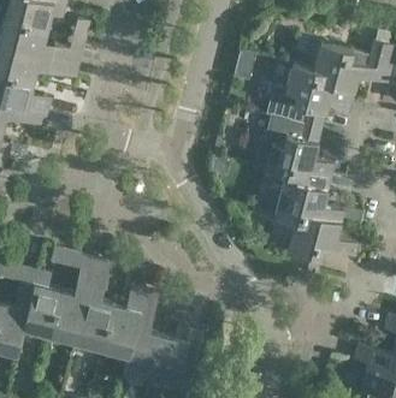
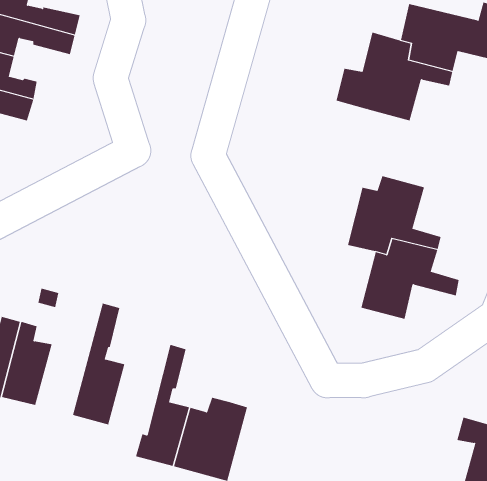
building: [254,113,333,178] -> none
building: [48,256,96,341] -> none
building: [101,286,146,356] -> none

